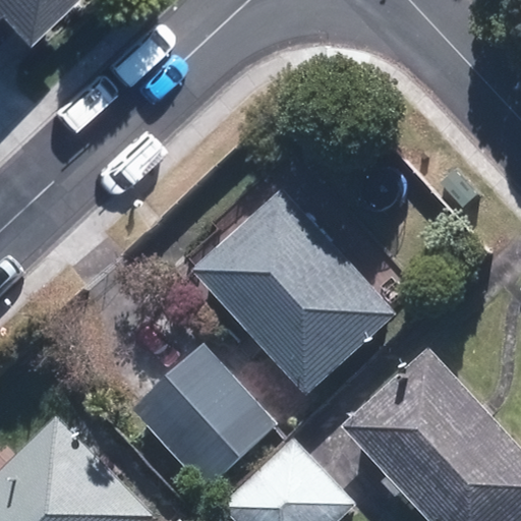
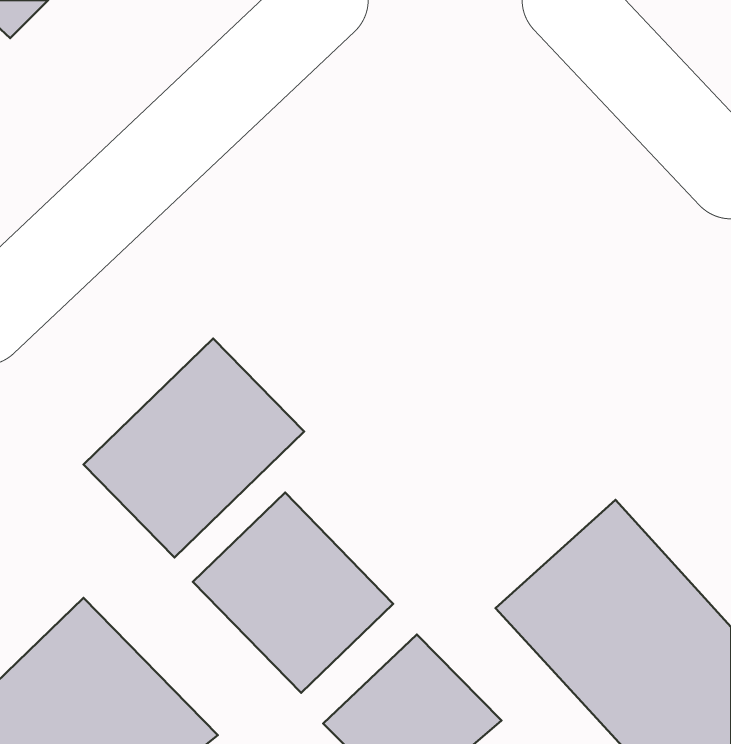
building: [199,195,389,386] -> none
building: none -> [83,338,304,558]

